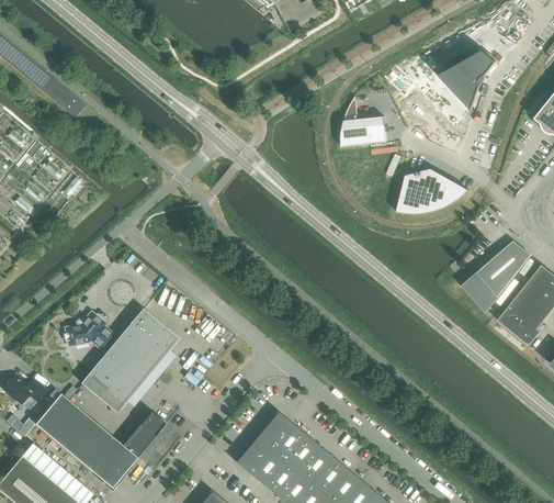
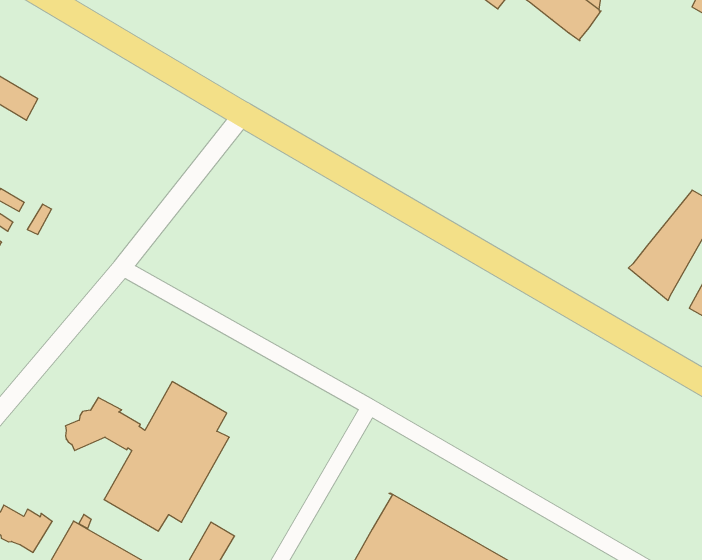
building: [341,97,387,147] -> none
building: [396,169,468,214] -> none

